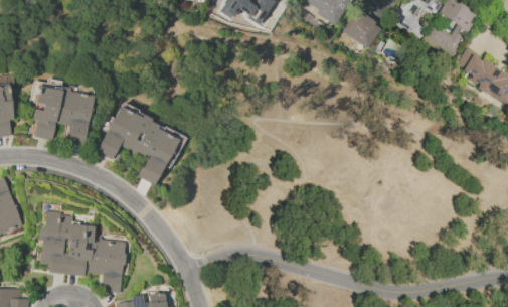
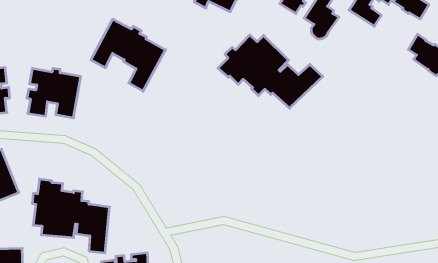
building: [426,25,470,57] -> none
building: none -> [218,35,323,108]
building: [96,106,179,186] -> [91,19,166,91]

